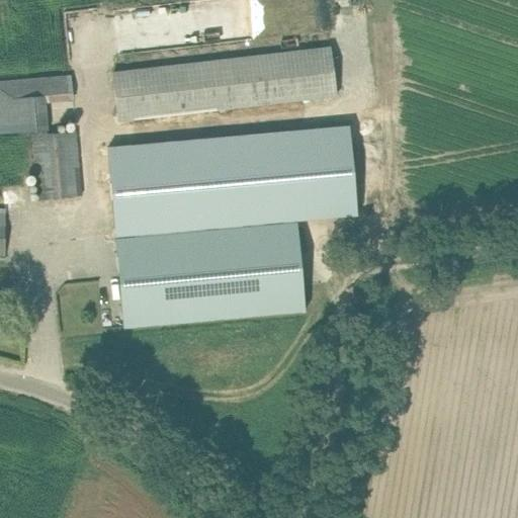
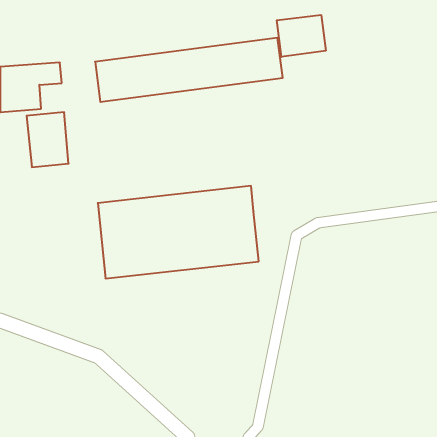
building: none -> [277,15,326,57]
building: [107,126,357,235] -> none

